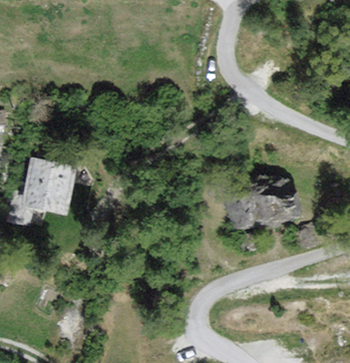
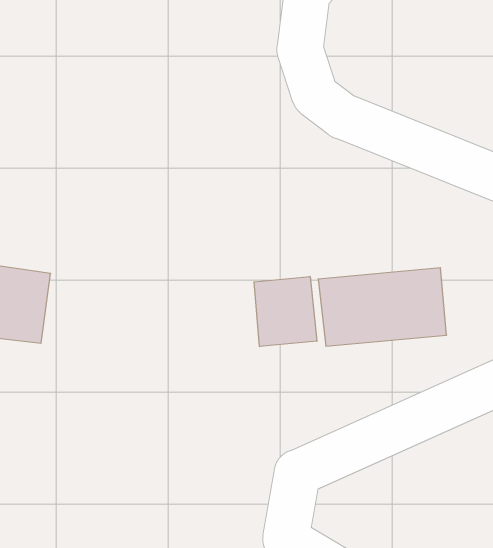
building: none -> [254,276,317,347]

